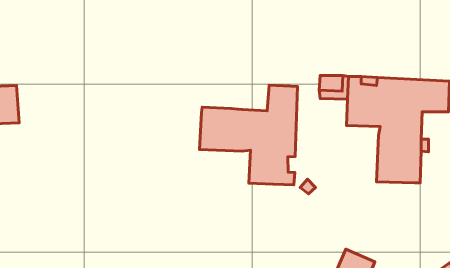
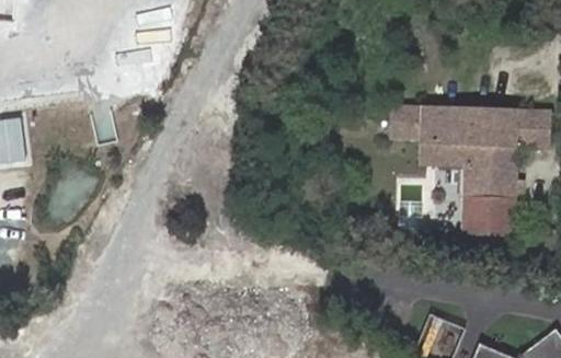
building: [200,85,297,185] -> none

